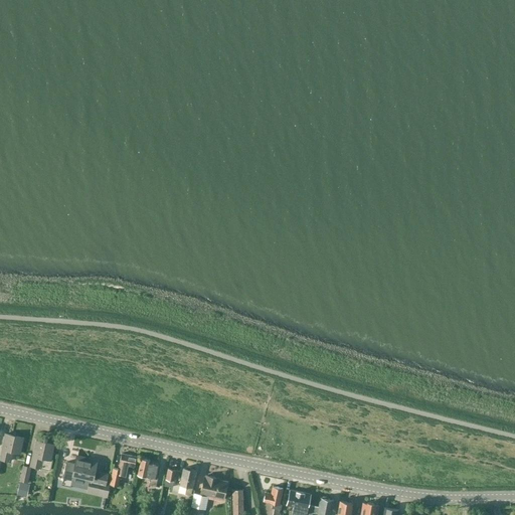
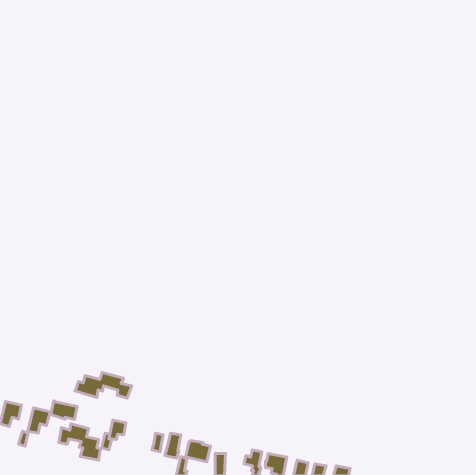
building: none -> [75,372,132,398]
building: none -> [51,401,77,419]
building: [138,459,159,487] -> none

